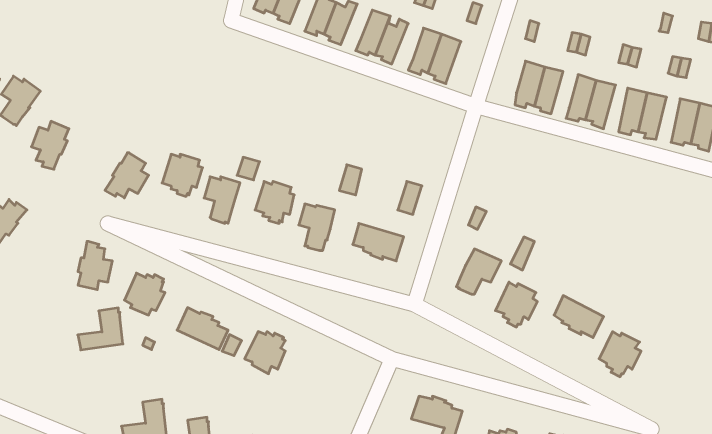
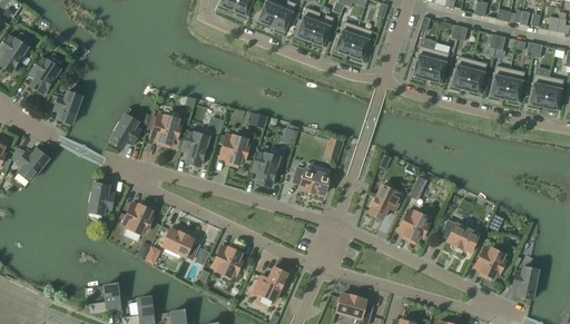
building: [78,308,123,350] -> [87,283,120,314]
building: none -> [254,266,287,301]
building: none -> [512,266,538,301]

